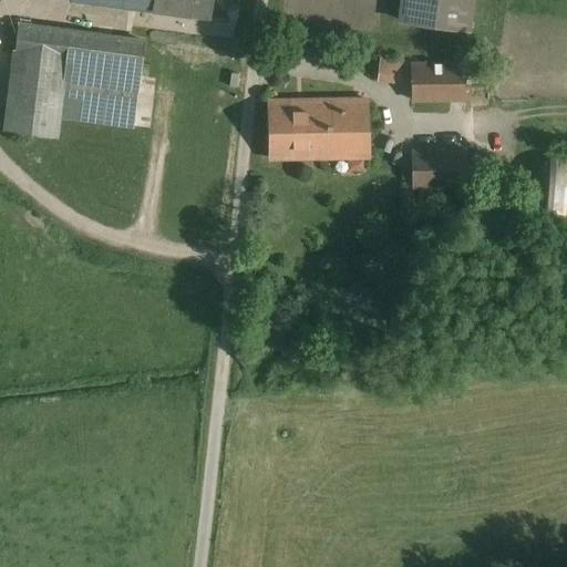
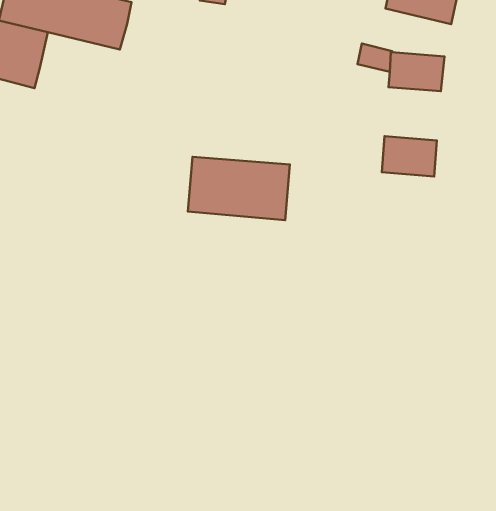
building: [59,80,137,126] -> none
building: [268,100,368,157] -> [188,157,290,220]

